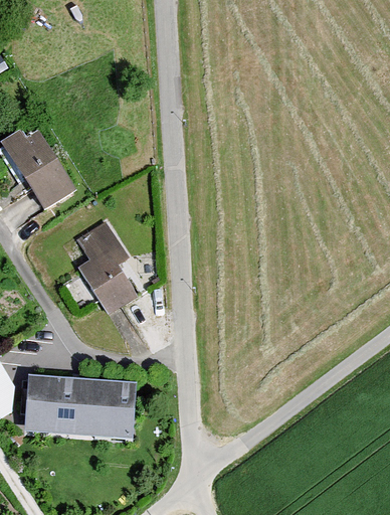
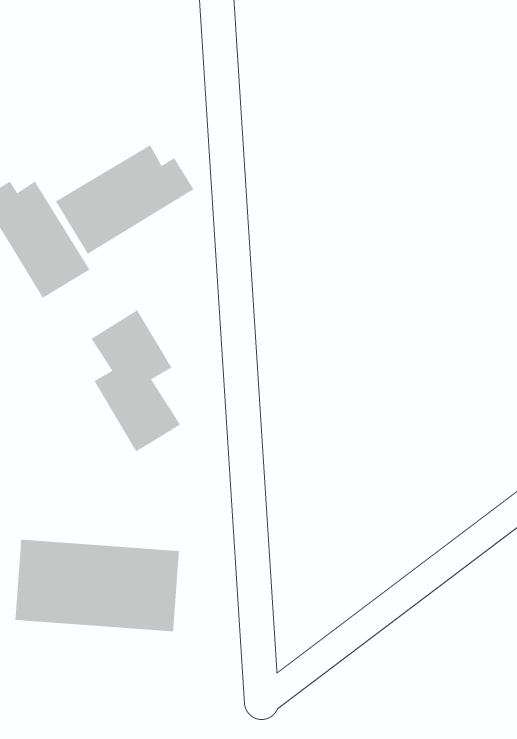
building: none -> [55,144,195,255]

